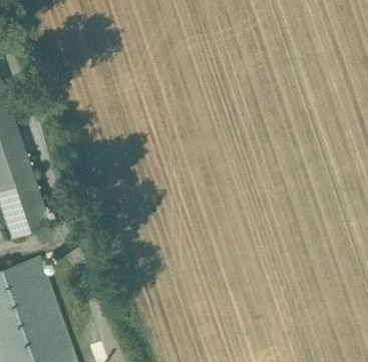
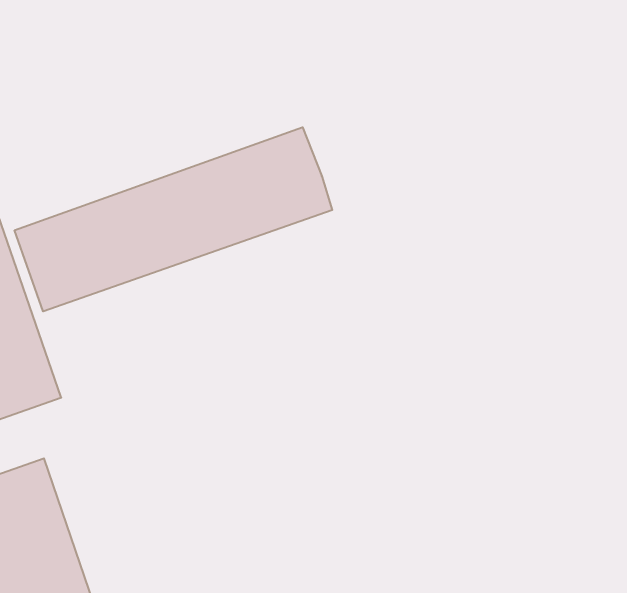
building: none -> [15,127,332,311]

